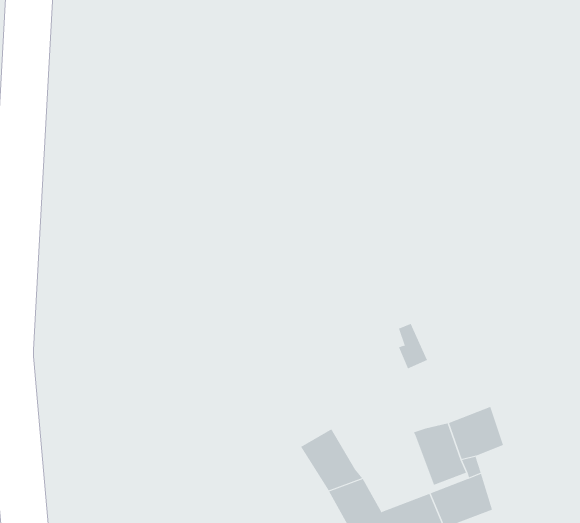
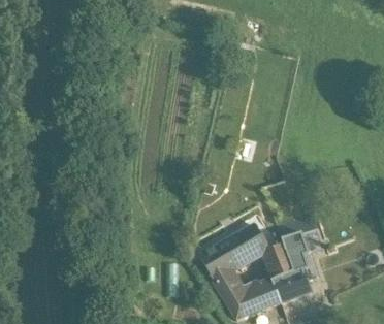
building: none -> [217,222,268,267]

